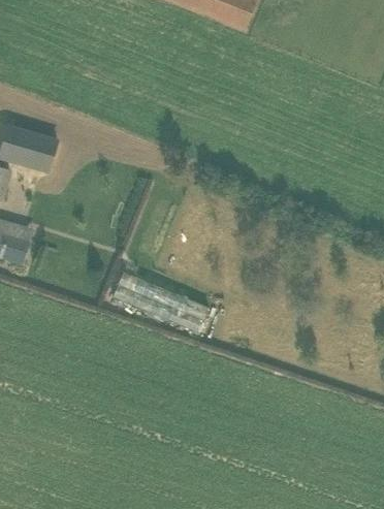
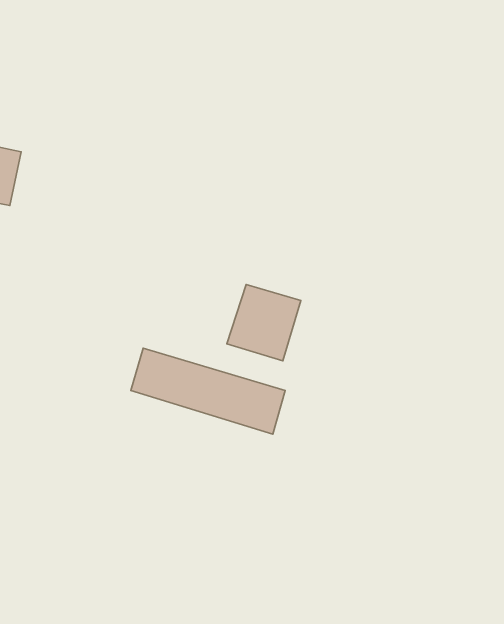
building: none -> [227,284,301,361]

